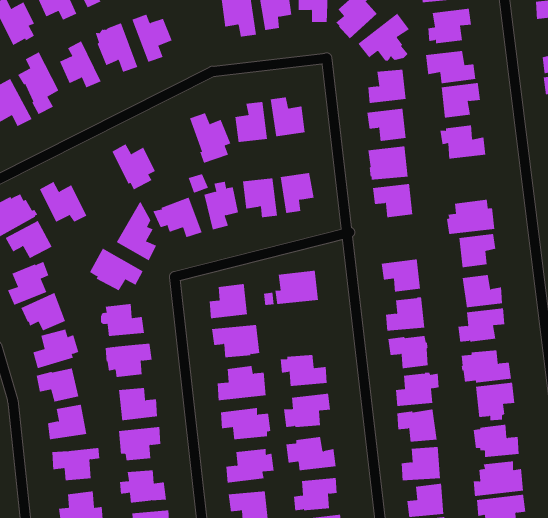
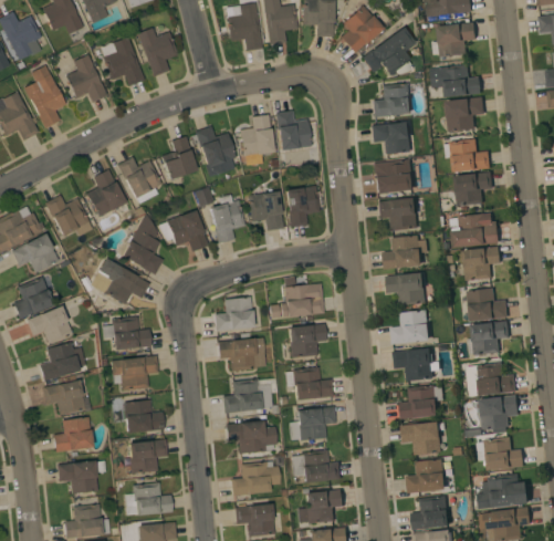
building: none -> [161,136,197,179]
building: none -> [86,169,130,217]
building: none -> [448,171,493,206]
building: none -> [383,235,427,270]
building: none -> [289,323,326,357]

